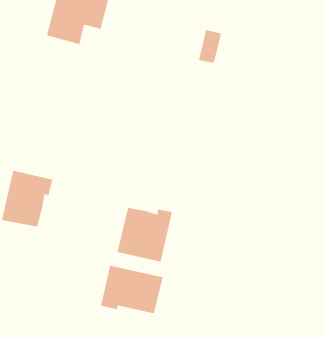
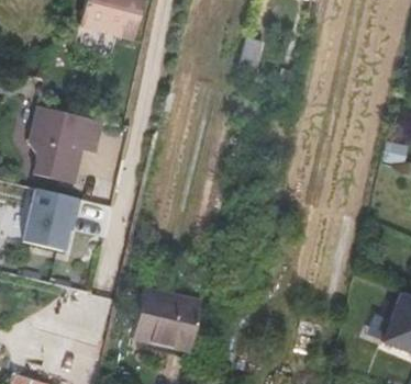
building: none -> [31,104,103,181]
building: [117,207,172,262] -> none

